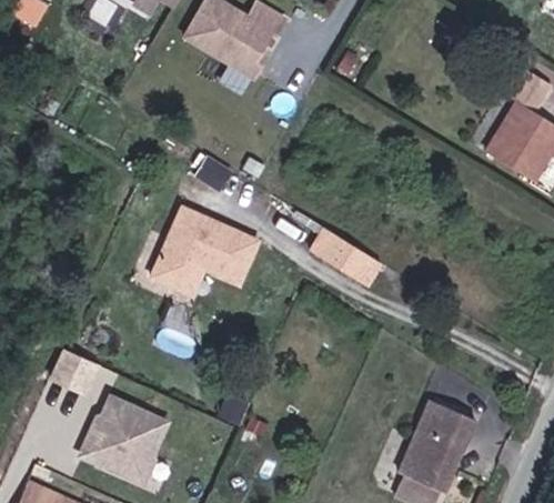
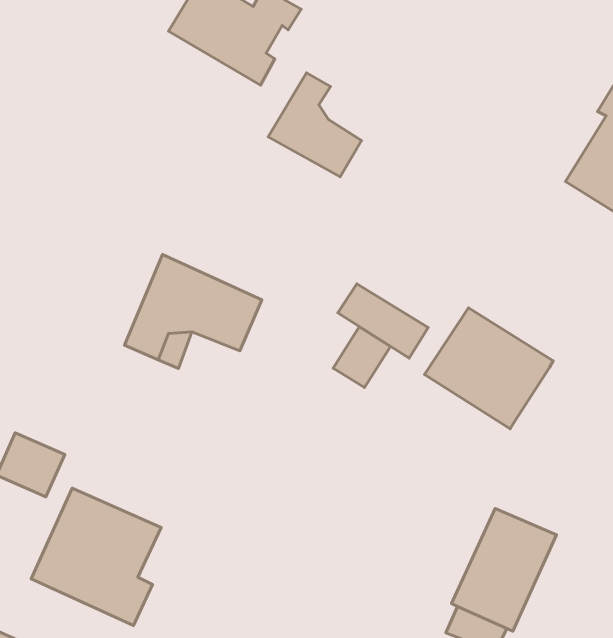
building: none -> [268,73,361,177]
building: none -> [424,308,553,429]
building: none -> [333,327,391,388]

